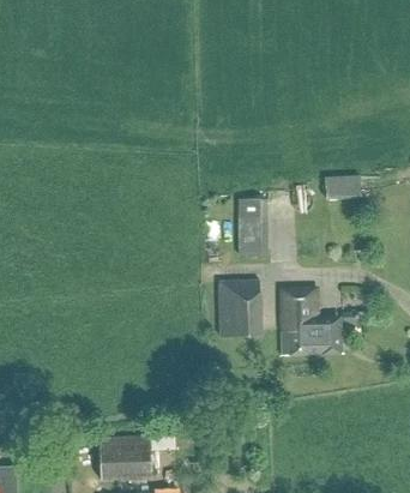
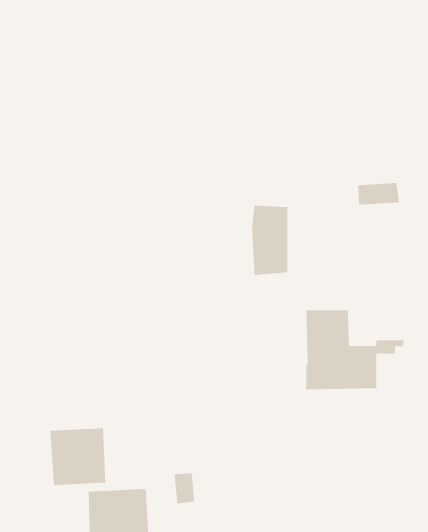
building: [216,278,261,337] -> none
building: none -> [50,428,106,486]

